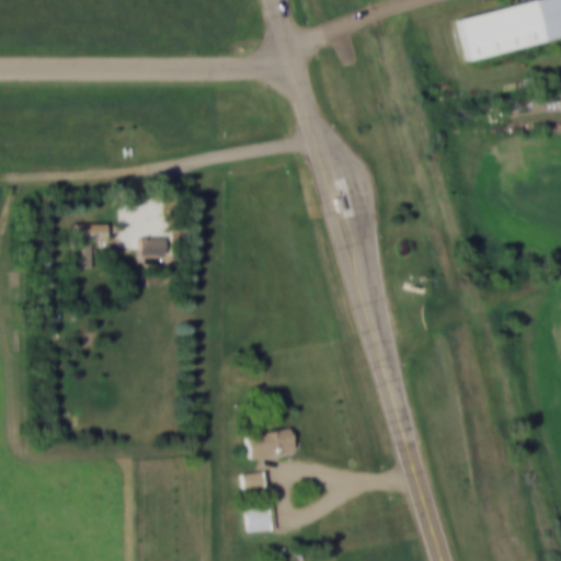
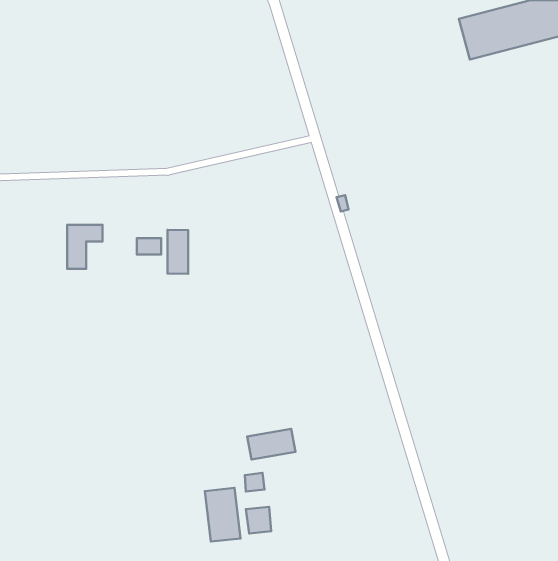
building: none -> [168,230,188,274]
building: none -> [205,488,241,542]

